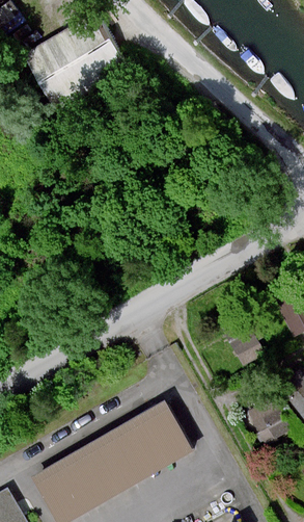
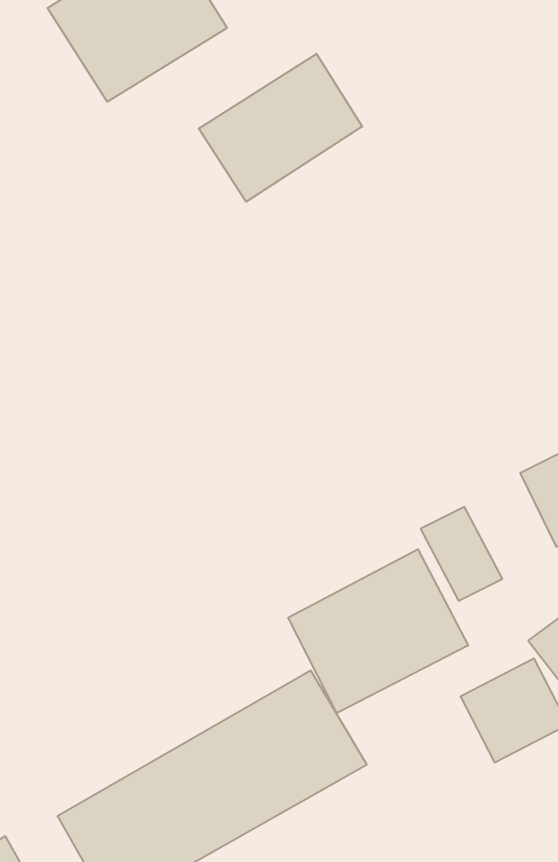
building: none -> [199,54,362,202]
building: none -> [288,549,468,713]

